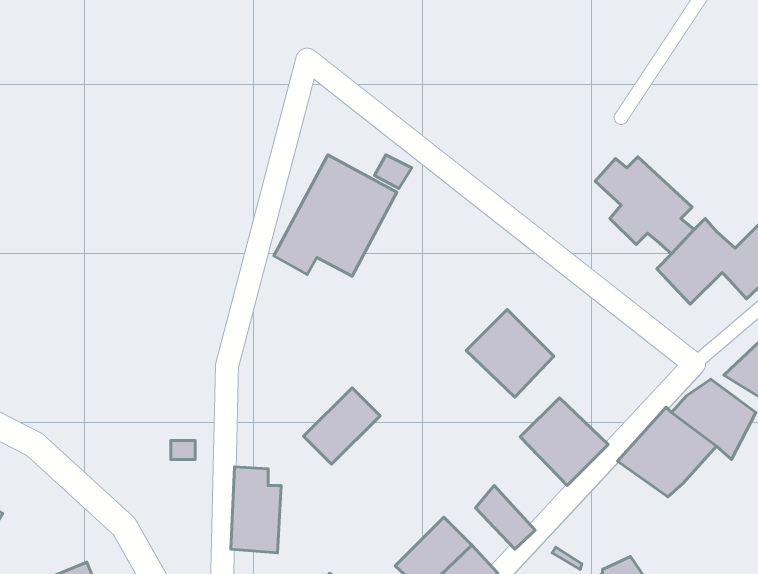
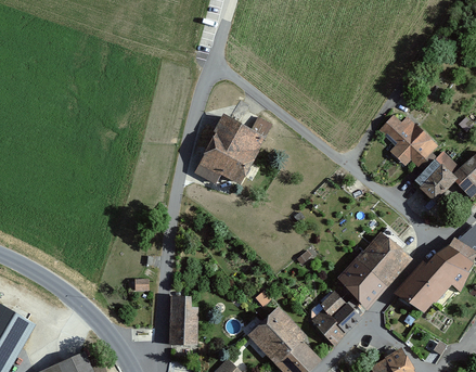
building: [466,309,554,397] -> [359,232,410,283]
building: [303,388,380,464] -> [247,309,292,354]
building: none -> [321,293,360,333]

